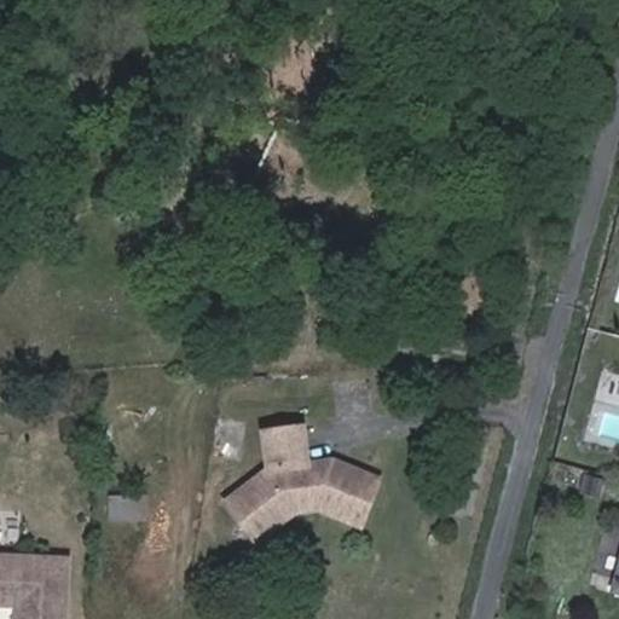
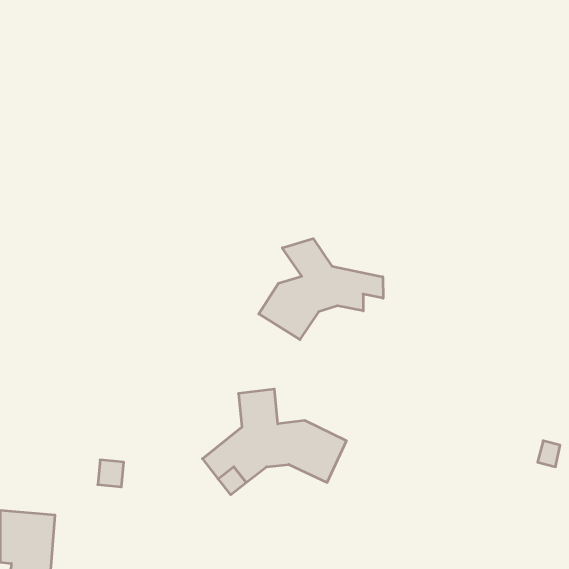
building: none -> [259,239,383,340]

